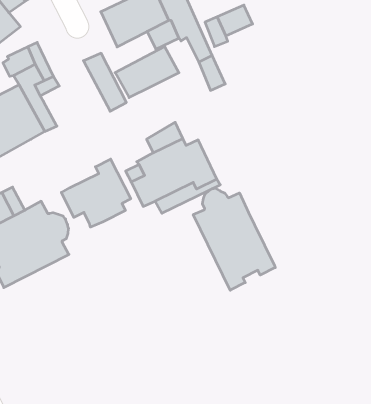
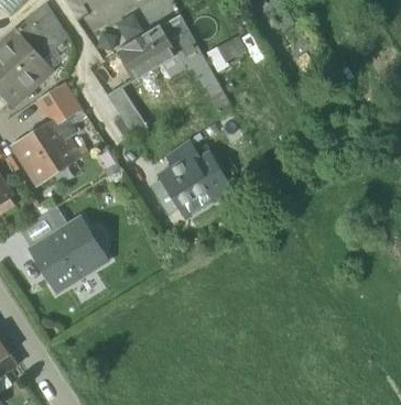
building: [115,46,179,98] -> none
building: [61,159,131,227] -> none
building: [193,188,275,290] -> none

